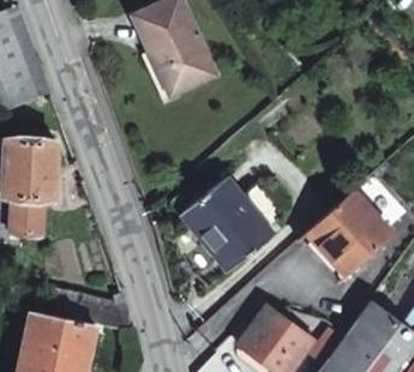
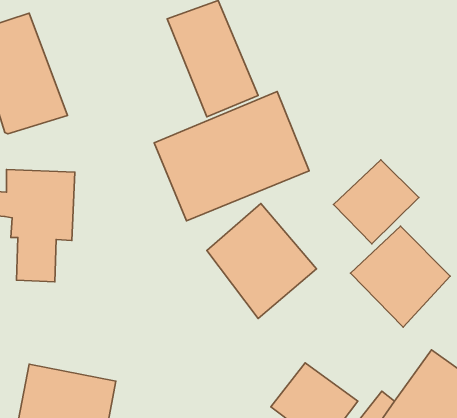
building: none -> [154,92,309,221]
building: none -> [333,160,419,244]

